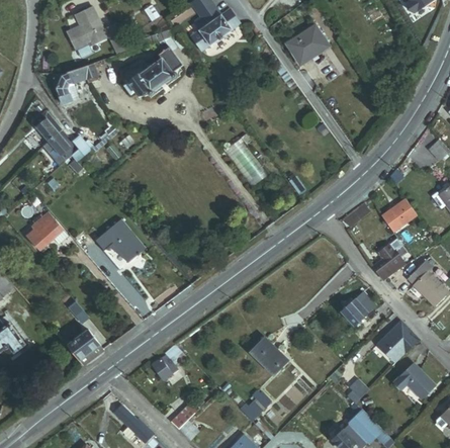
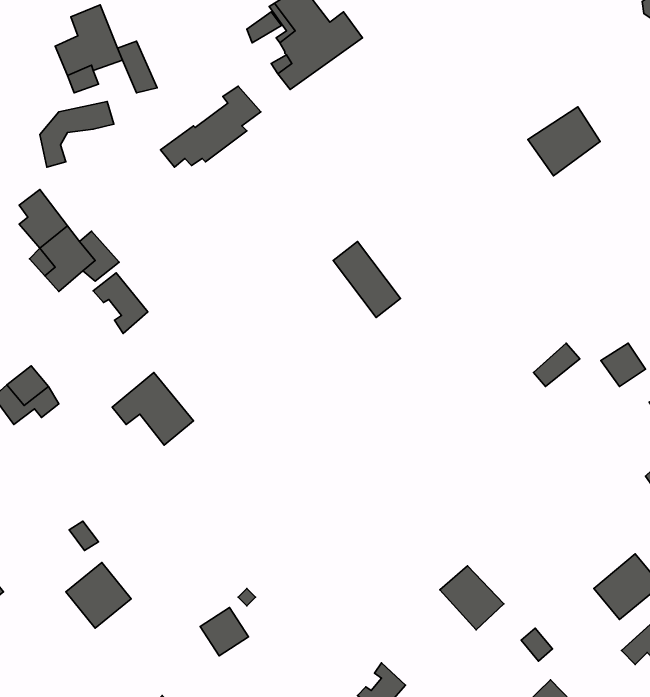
building: [284,23,327,64] -> [528,107,600,176]
building: none -> [93,273,148,333]
building: [371,240,404,279] -> none
building: [339,296,367,325] -> none
building: [251,336,288,373] -> [440,566,504,630]

